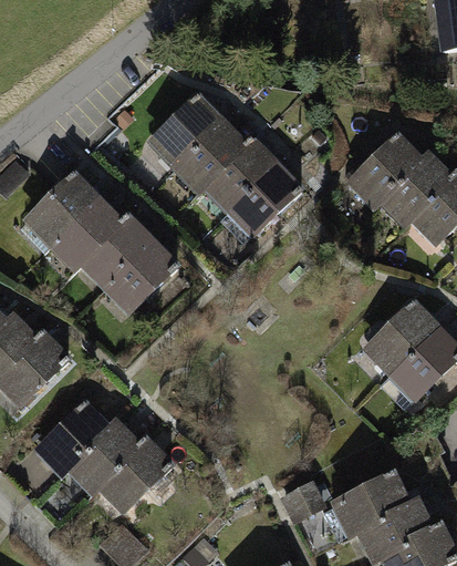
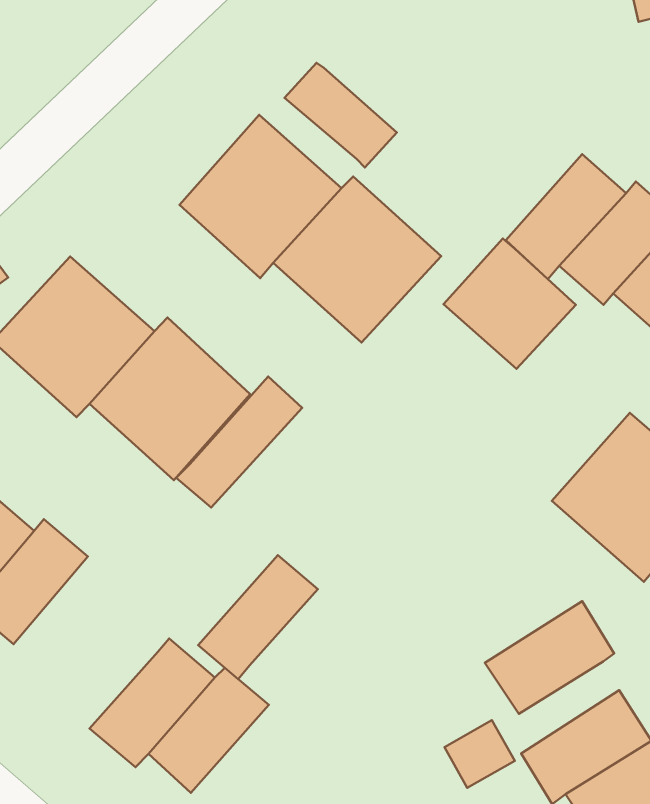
building: none -> [285,63,397,168]
building: none -> [443,239,576,369]
building: none -> [176,376,302,507]
building: [31,399,108,474] -> [198,555,318,679]
building: none -> [485,601,614,714]

